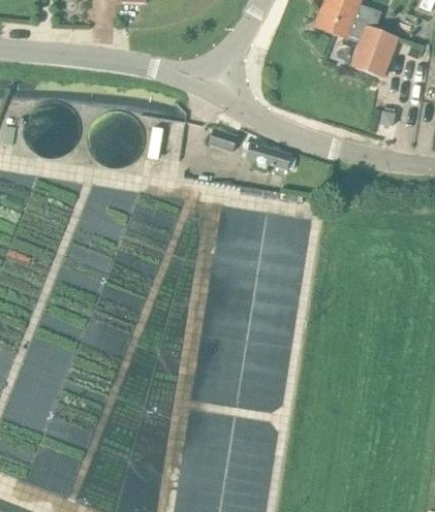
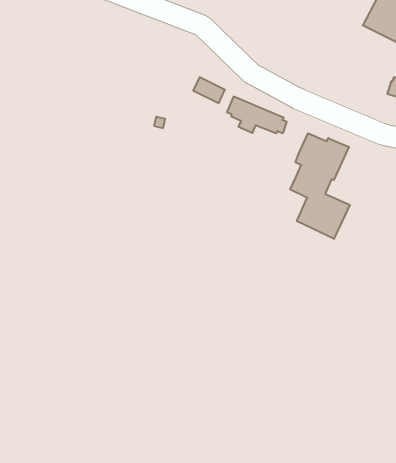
building: none -> [290,133,350,239]

